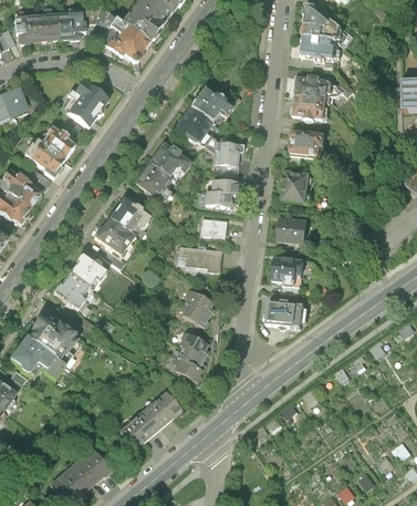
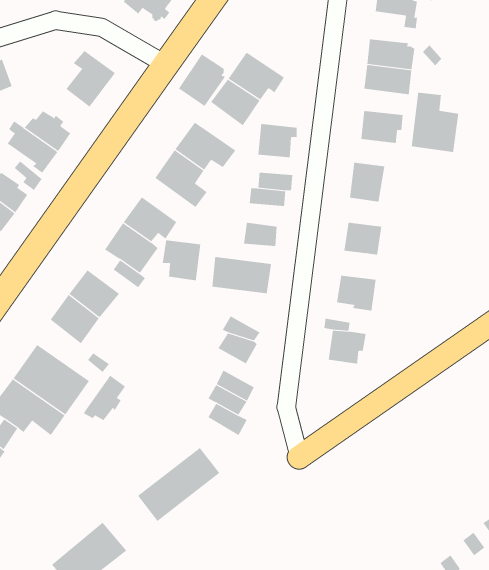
building: none -> [178,53,226,107]
building: none -> [411,92,459,153]
building: none -> [162,239,201,281]
building: none -> [83,375,126,421]

